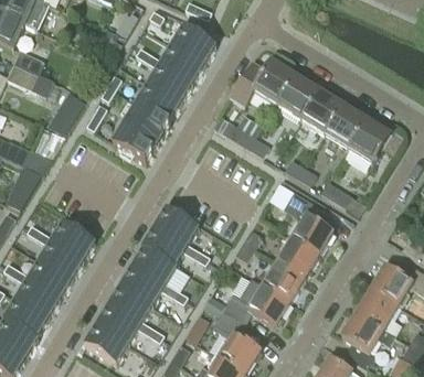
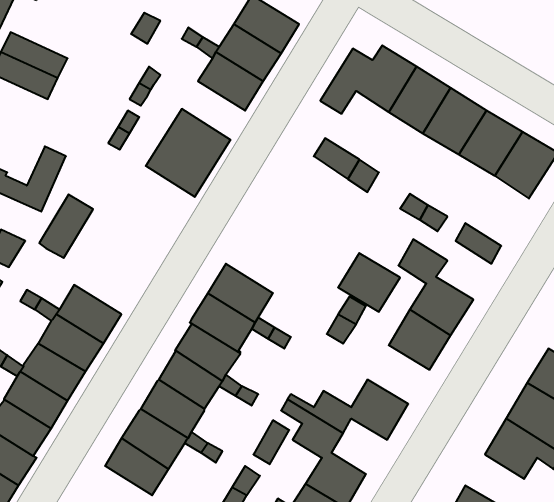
building: [136,83,179,122] -> none
building: [49,91,85,134] -> [39,194,93,258]
building: [262,261,304,301] -> [338,253,400,312]

